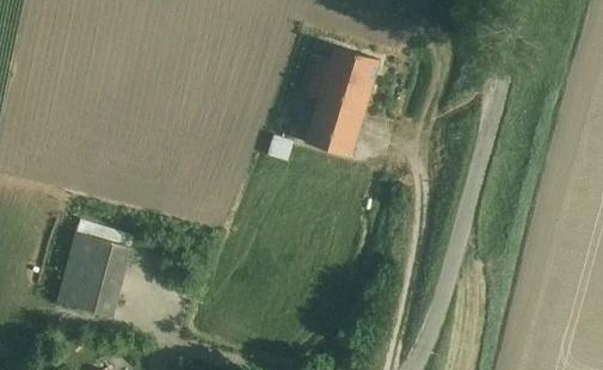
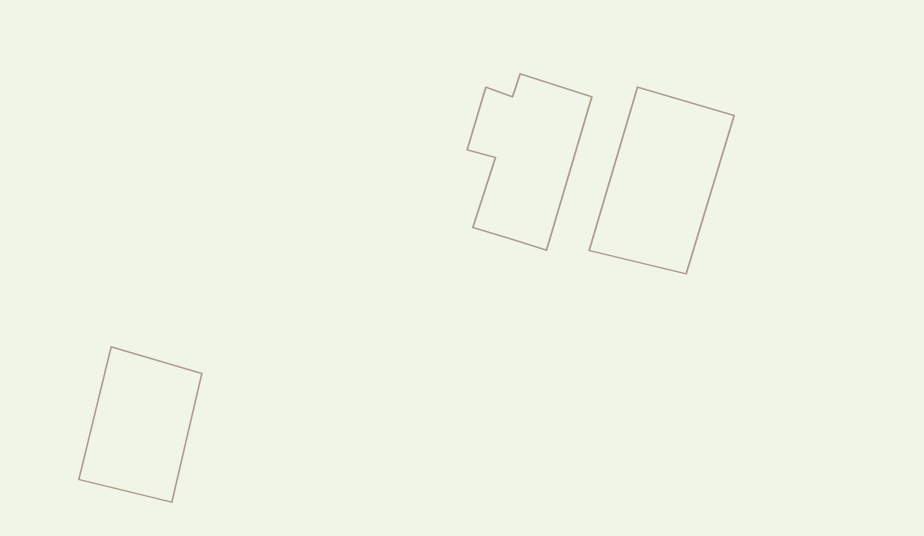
building: none -> [589,87,734,274]

